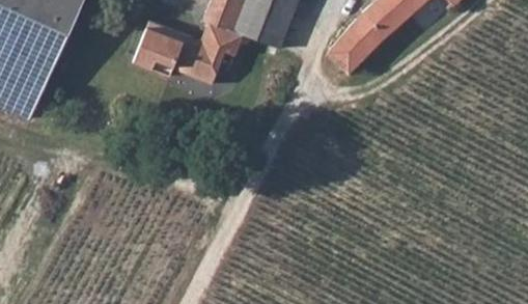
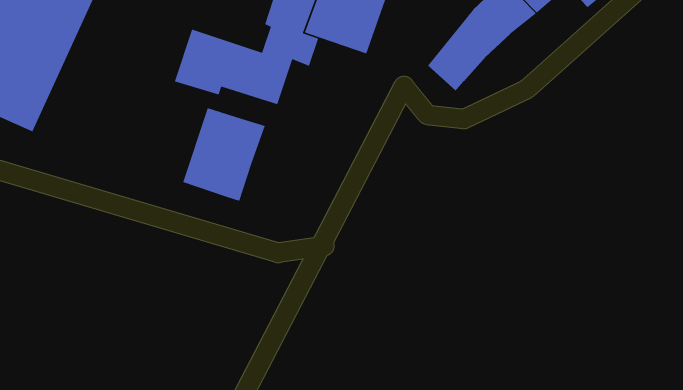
building: none -> [182,107,266,202]

